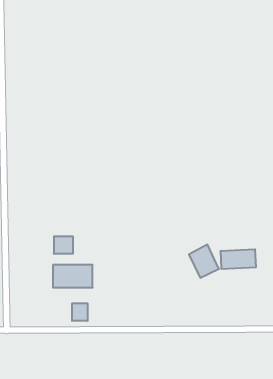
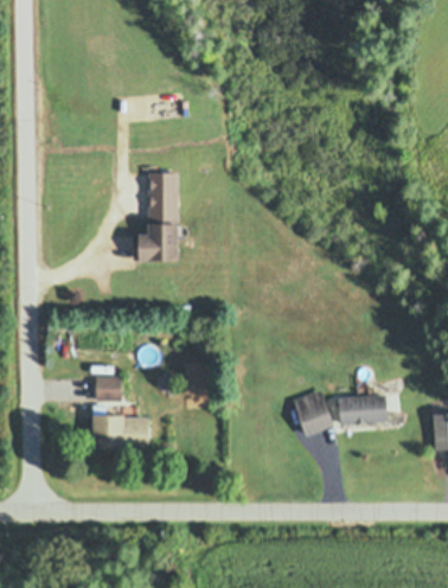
building: none -> [134,172,178,261]
building: [72,303,88,321] -> none

